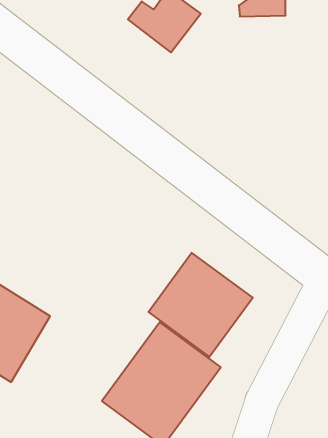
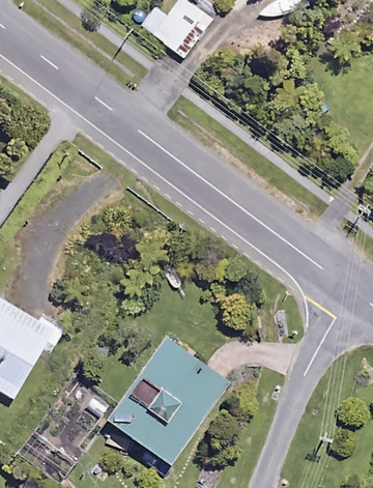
building: [148,253,253,357] -> none

